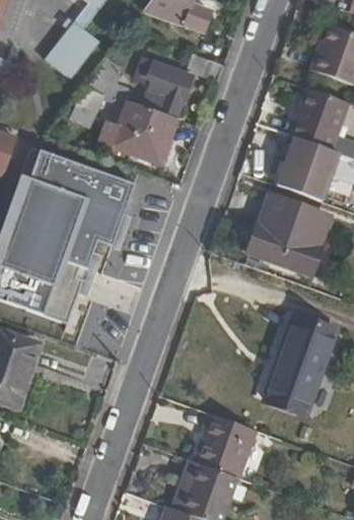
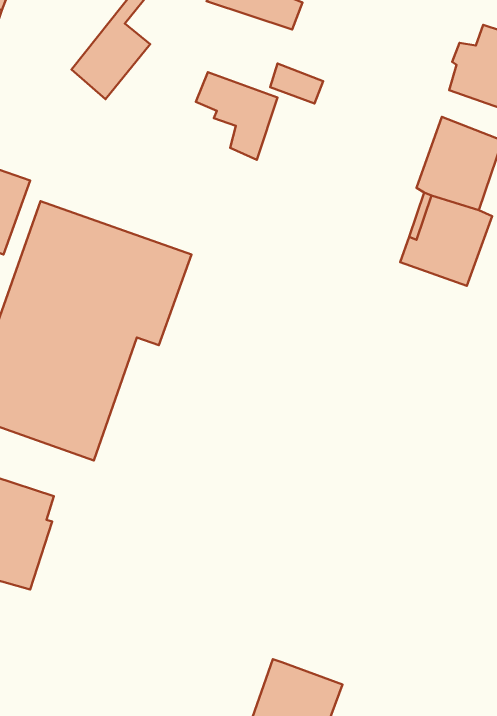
building: [115,100,178,160] -> none
building: [245,198,326,276] -> none
building: [264,316,333,413] -> none
building: [195,412,253,476] -> none

